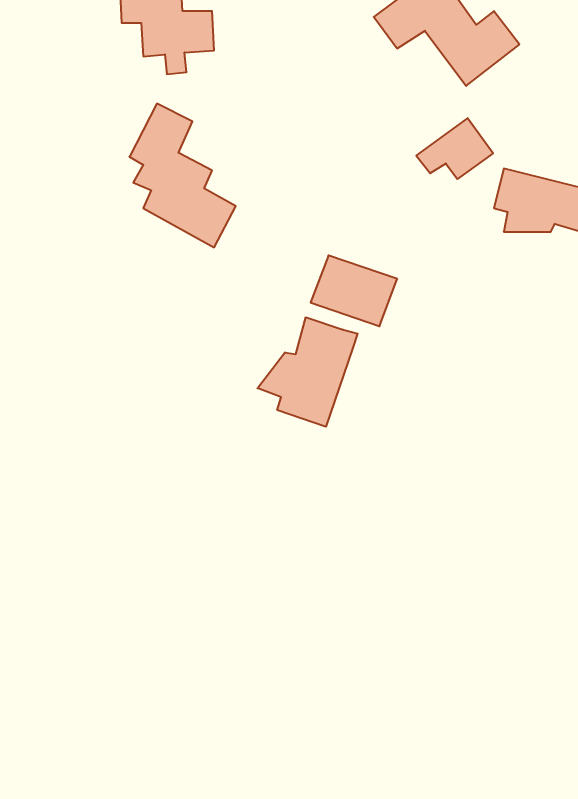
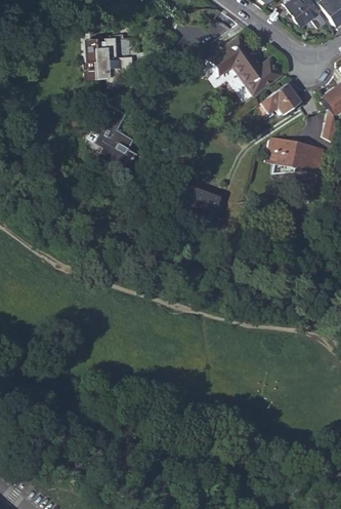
building: [416,118,493,179] -> [262,83,302,115]
building: [257,317,358,427] -> none

